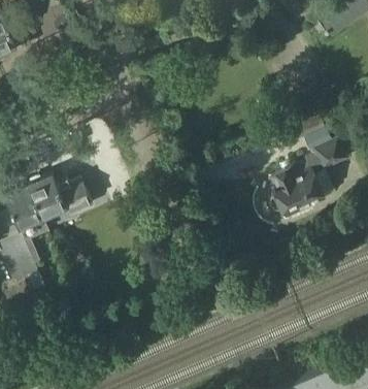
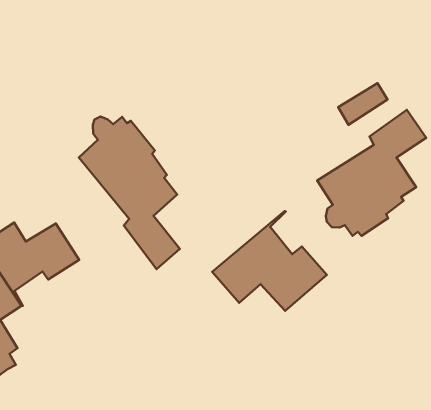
building: none -> [79,116,180,269]
building: none -> [212,211,327,311]

